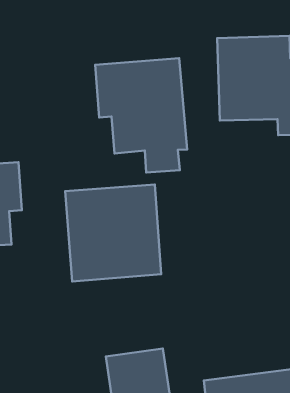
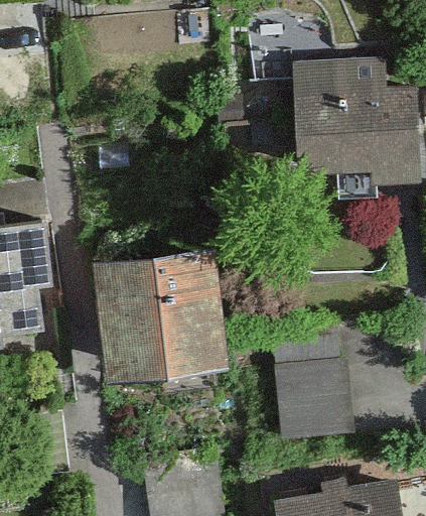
building: [95,58,187,173] -> none
building: none -> [285,359,362,440]

